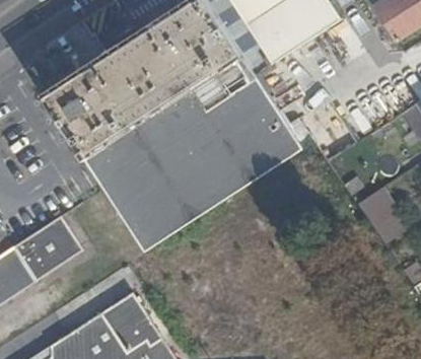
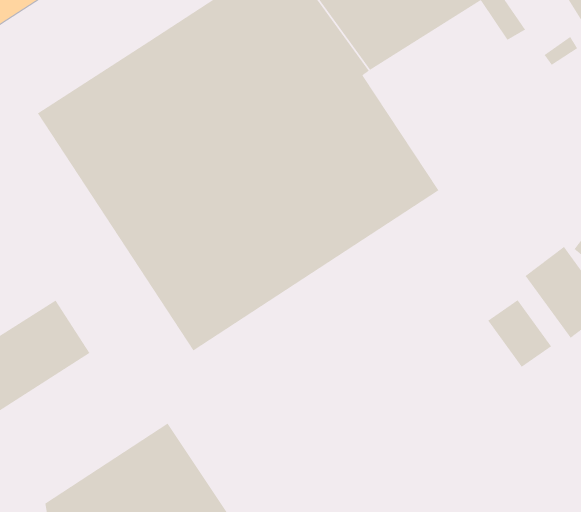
building: none -> [487,299,552,368]

